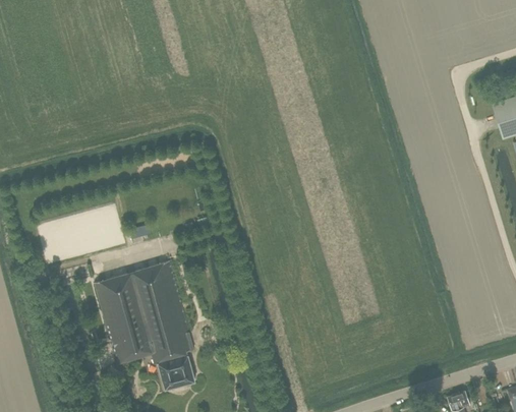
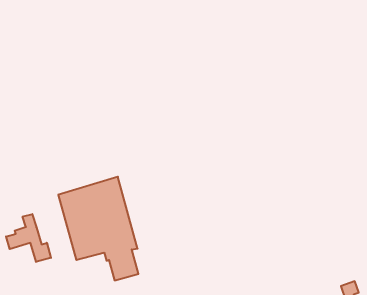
building: none -> [6,214,51,262]

